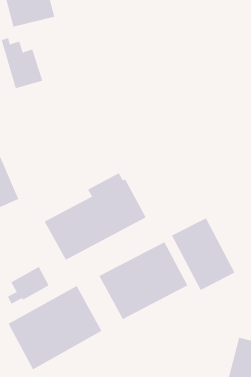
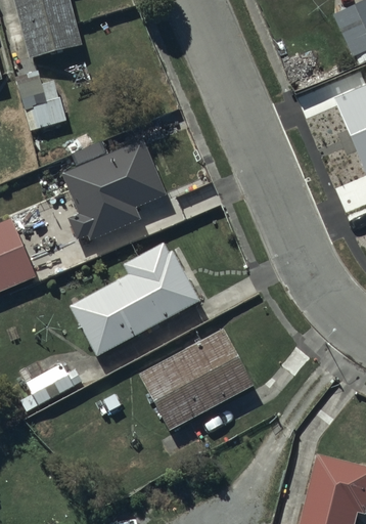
building: none -> [62,139,166,239]
building: [171,218,235,291] -> none
building: [8,285,102,370] -> none

